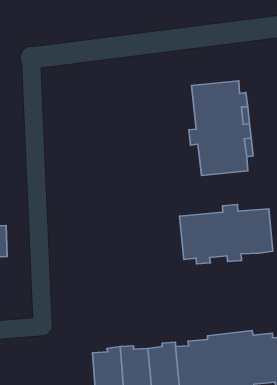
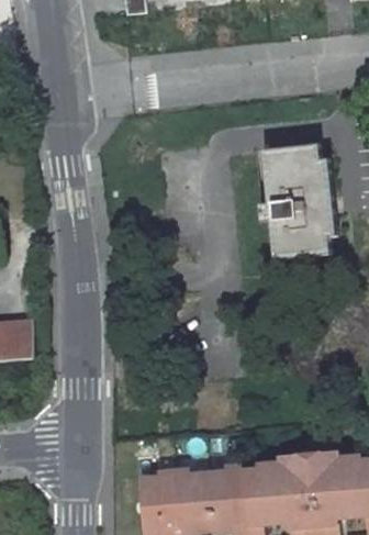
building: [180,205,273,264] -> none

